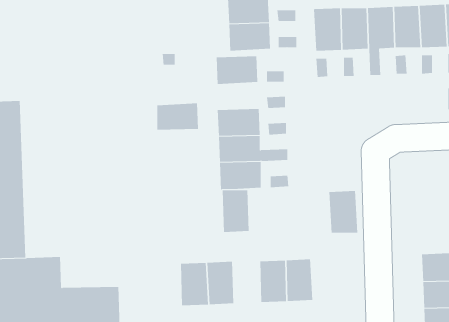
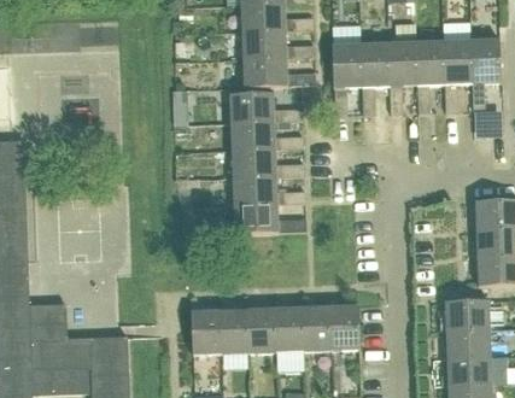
building: [156,103,199,130] -> [230,121,275,150]
building: [222,190,249,232] -> [247,309,276,353]
building: [328,191,358,233] -> [329,305,361,350]

